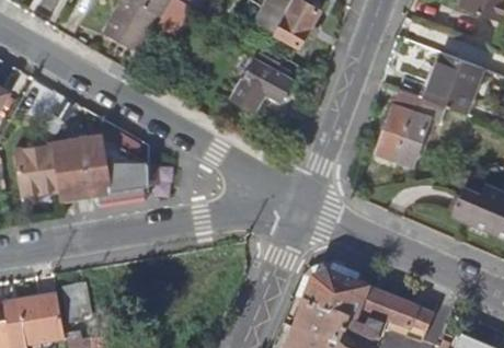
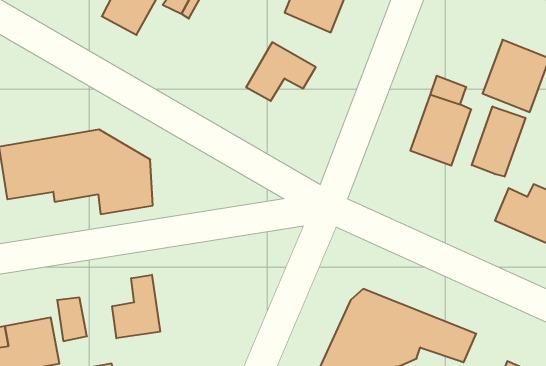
building: none -> [472,106,525,177]
building: none -> [112,275,160,338]

